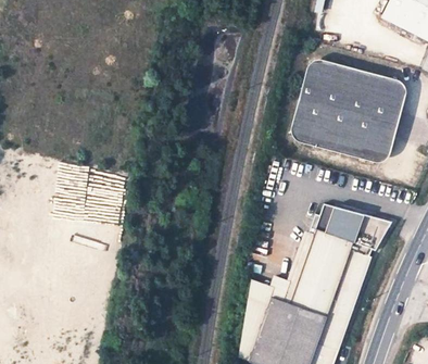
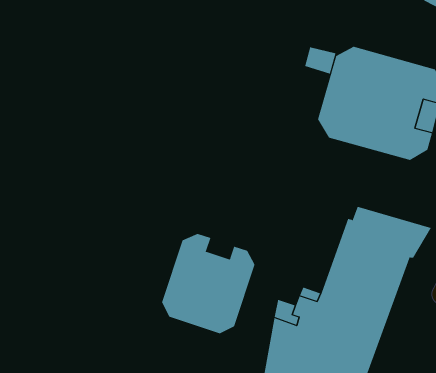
building: none -> [304,46,336,74]
building: none -> [161,233,255,334]

